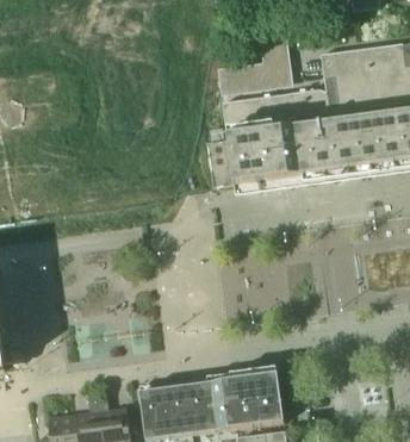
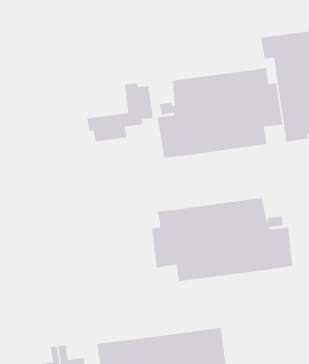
building: [216,29,290,94] -> [86,82,153,142]
building: none -> [151,197,293,282]

